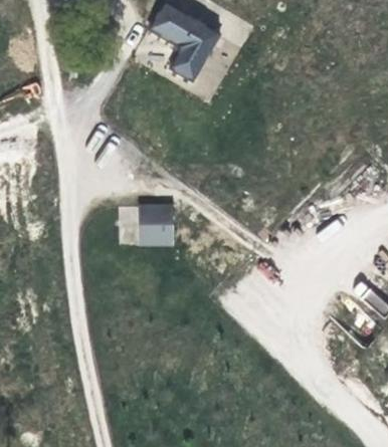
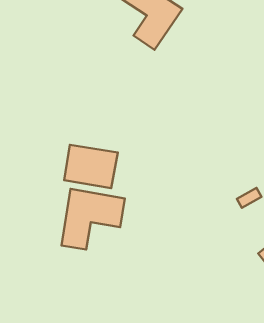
building: none -> [61,189,125,249]

